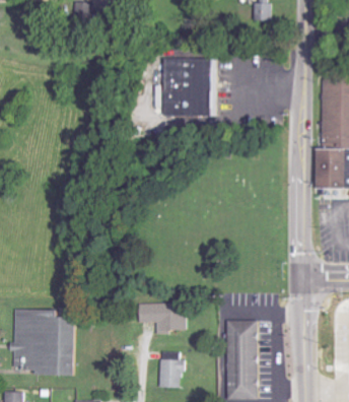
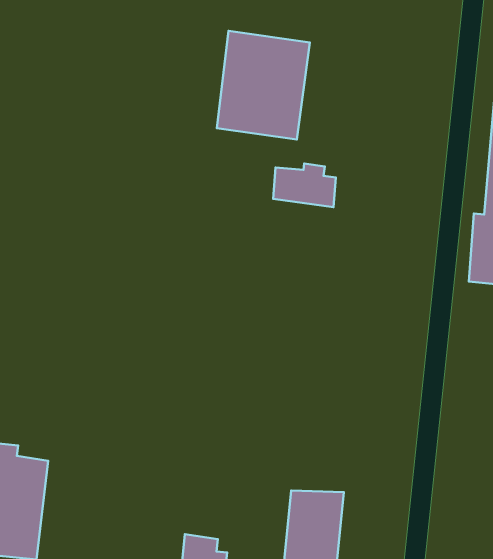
building: none -> [273,164,336,207]
building: [142,303,191,332] -> none

